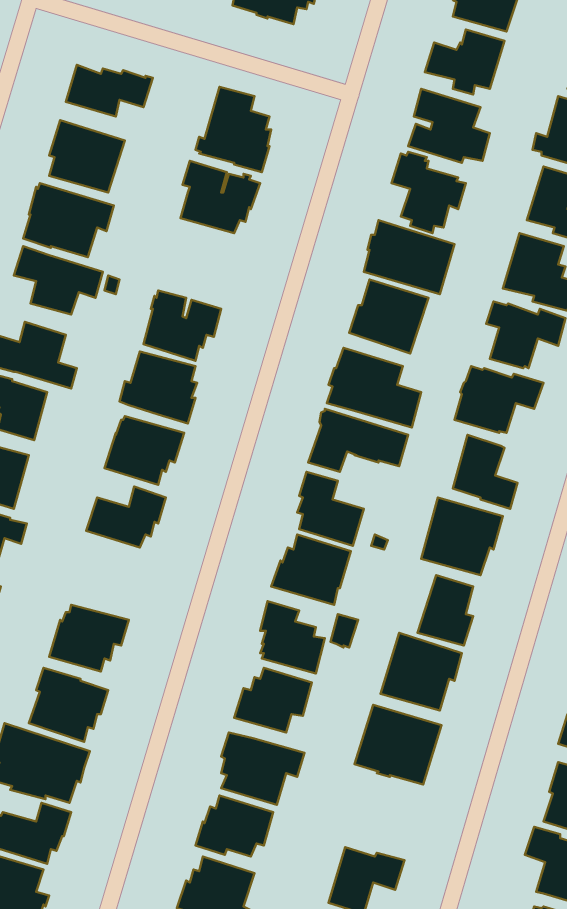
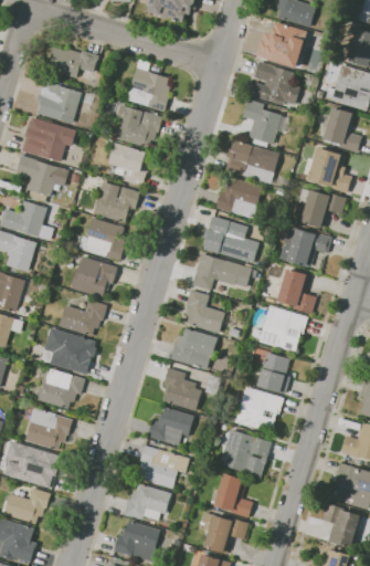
building: none -> [108,142,150,186]
building: none -> [44,327,97,374]
building: none -> [214,472,253,517]

